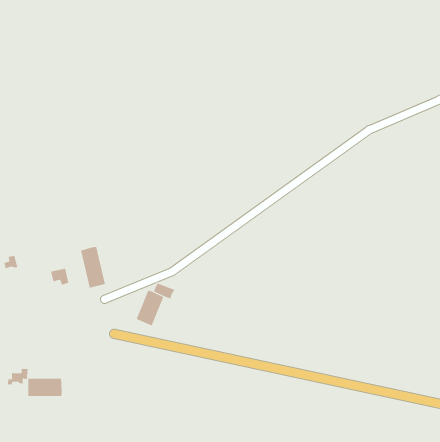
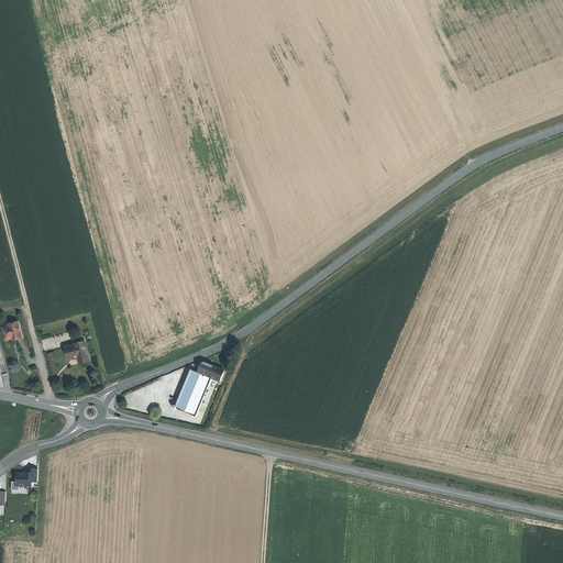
building: [80,246,105,289] -> none
building: [28,378,62,397] -> none

